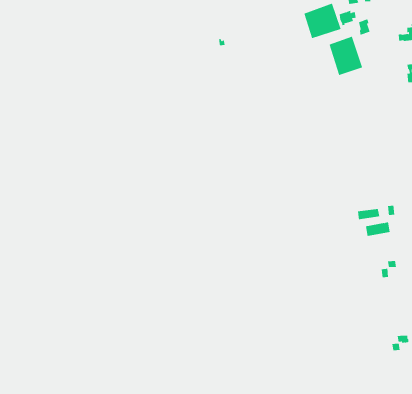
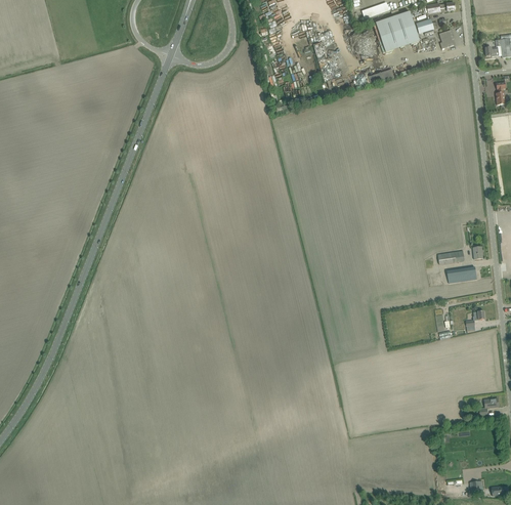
building: [329,36,363,76] -> none

